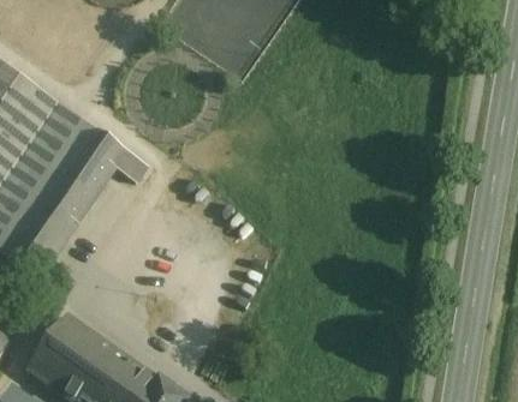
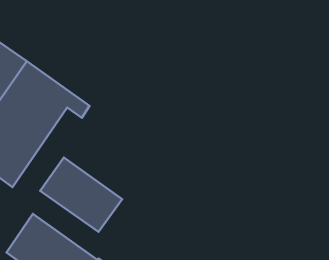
building: none -> [40,157,122,232]

